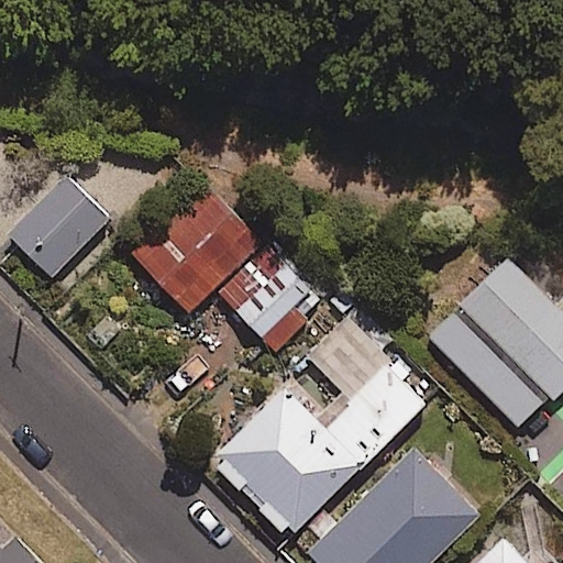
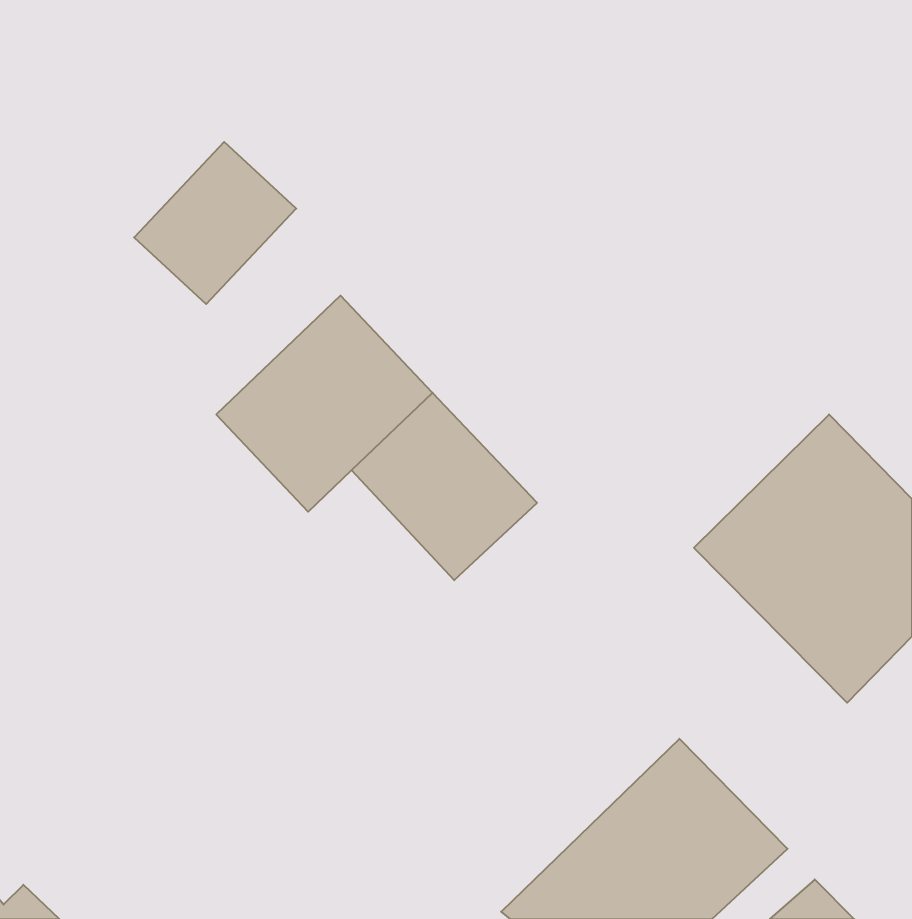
building: [10,177,109,276] -> [134,142,296,304]
building: [208,319,427,543] -> none

